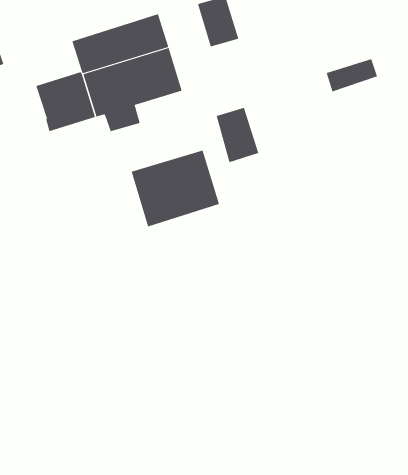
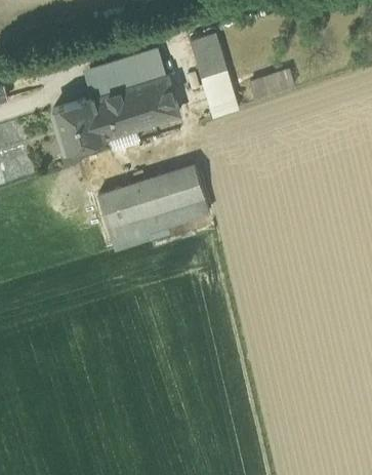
building: [326,58,378,92] -> [251,71,295,100]
building: [216,107,259,163] -> [202,71,239,118]
building: none -> [98,184,151,248]

